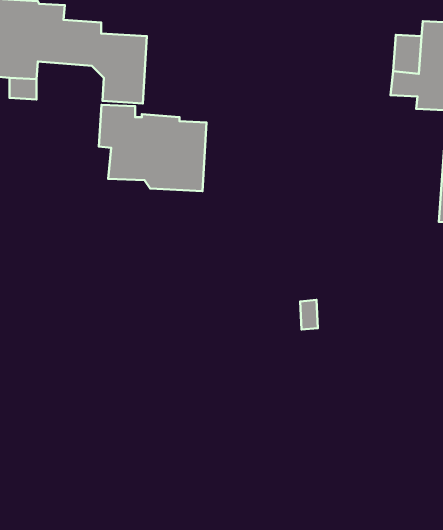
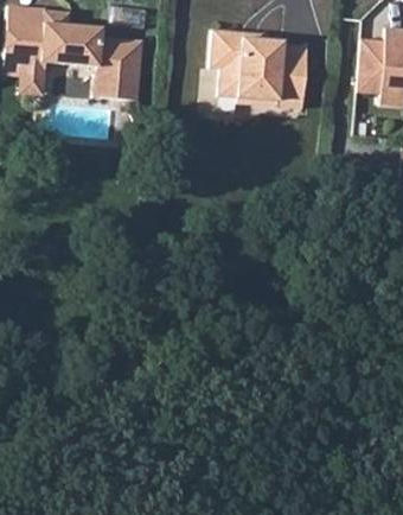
building: [99,105,207,191] -> [211,31,306,107]

